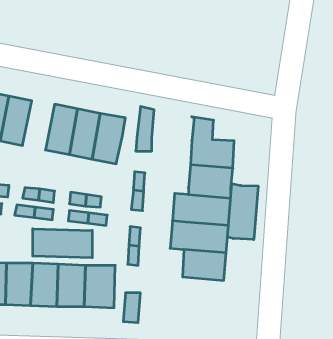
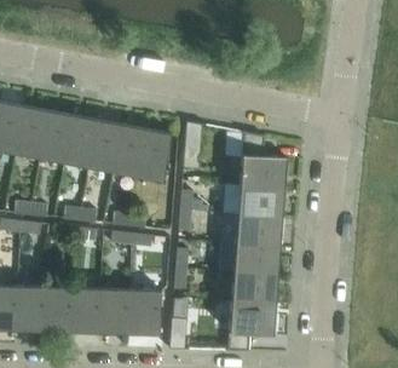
building: none -> [62,115,96,167]
building: [227,184,258,240] -> none
building: [33,229,92,258] -> none
building: none -> [224,301,275,351]

